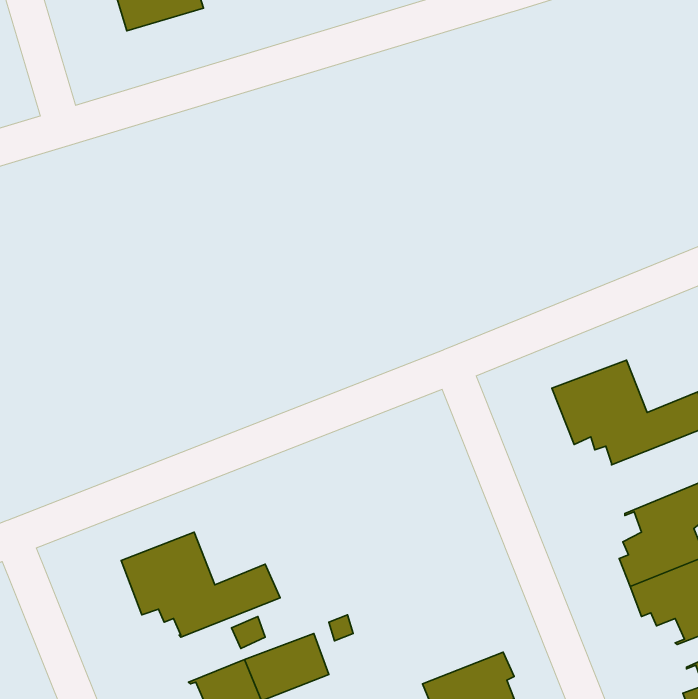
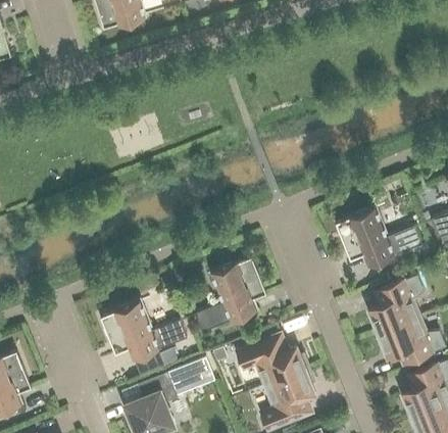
building: none -> [195,257,263,332]
building: none -> [236,334,308,385]

